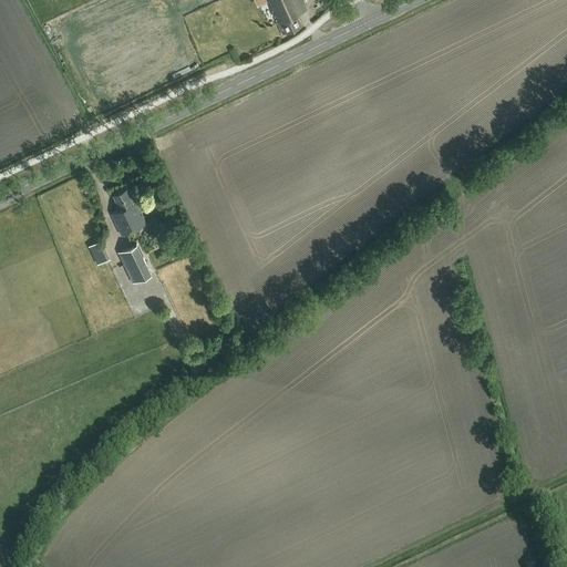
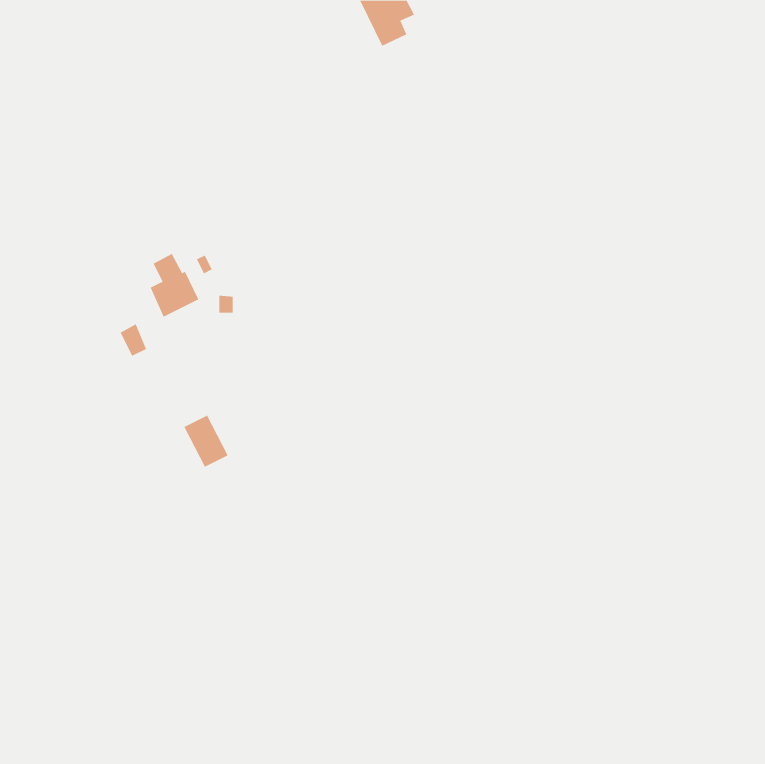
building: [117,244,151,282] -> [183,415,228,467]

